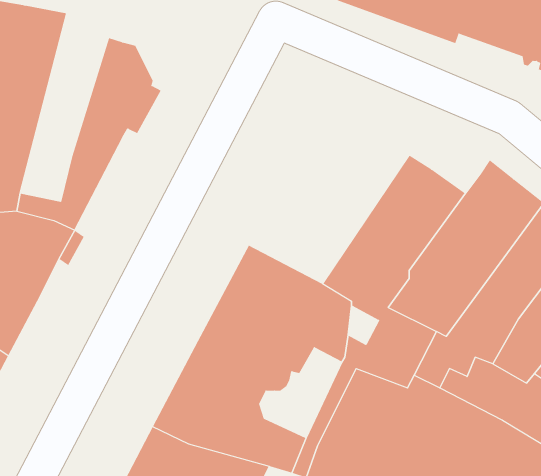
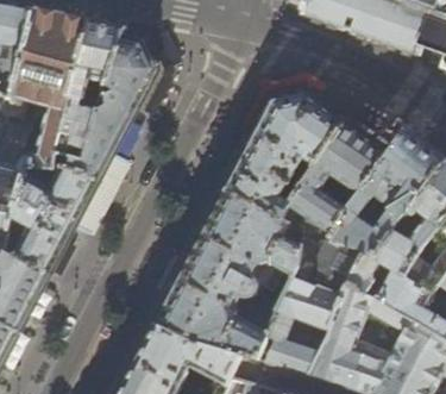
building: none -> [57,18,125,157]
building: none -> [226,93,345,218]

